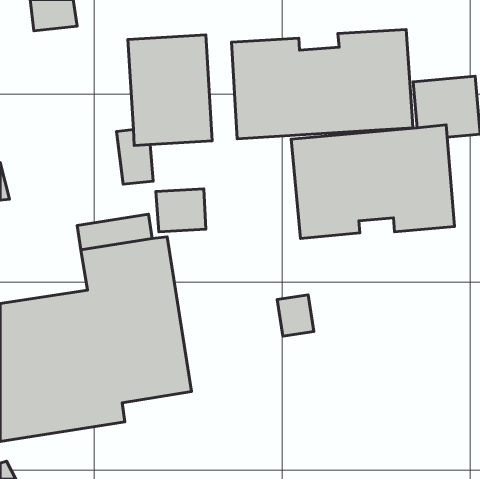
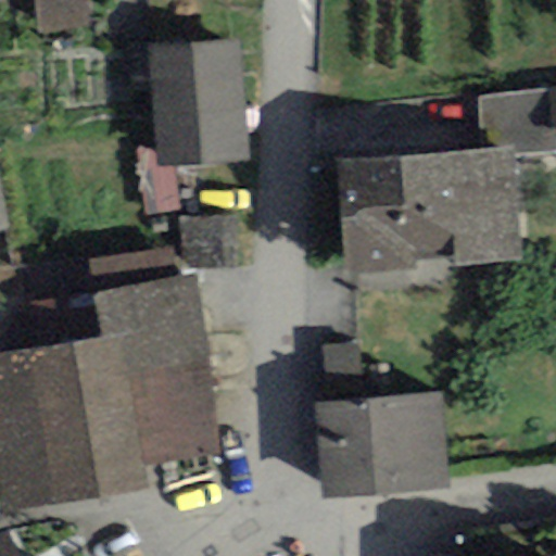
building: [231,30,413,139] -> none
building: none -> [313,391,451,497]

